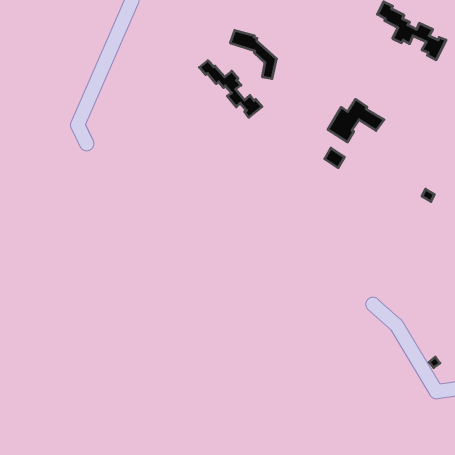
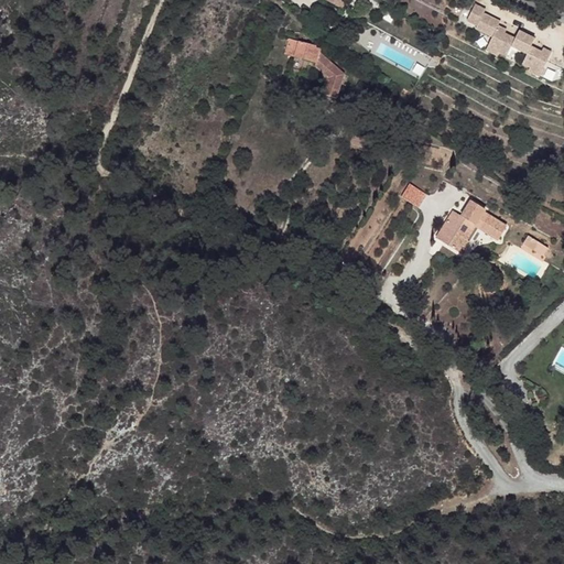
building: [199,61,262,117] -> none
building: [328,99,384,142] -> [436,200,506,253]

